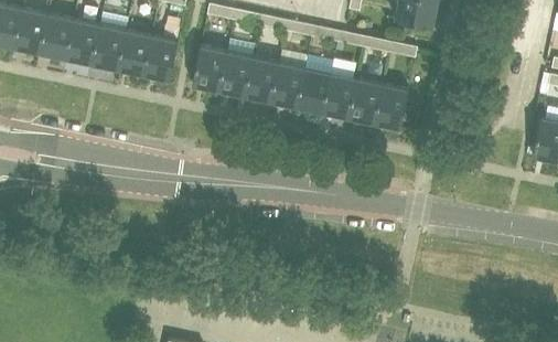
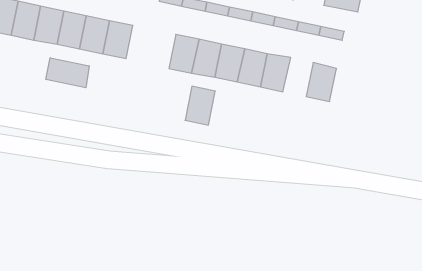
building: [193,47,227,92] -> [185,86,215,125]
building: [348,79,383,124] -> none
building: none -> [46,58,89,88]

